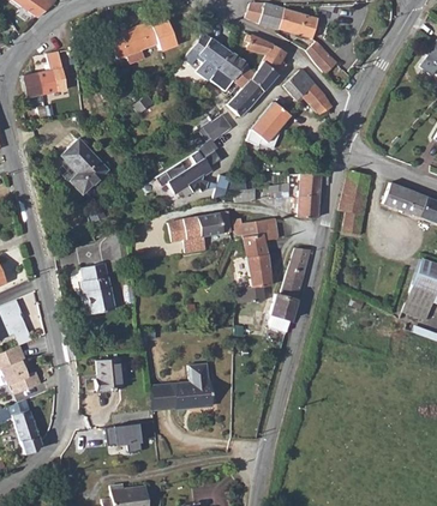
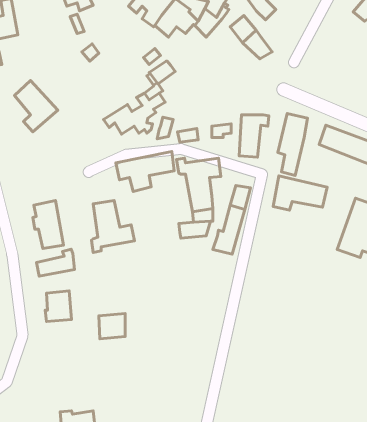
building: [226,78,263,118] -> none
building: [246,101,289,149] -> none
building: none -> [273,176,327,210]
building: none -> [91,201,134,252]
building: none -> [37,249,75,276]
building: [178,361,214,406] -> none
building: [106,423,142,453] -> none

